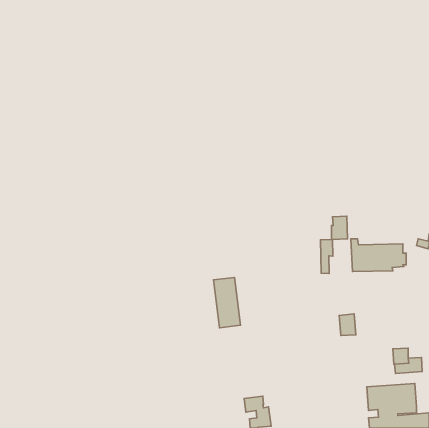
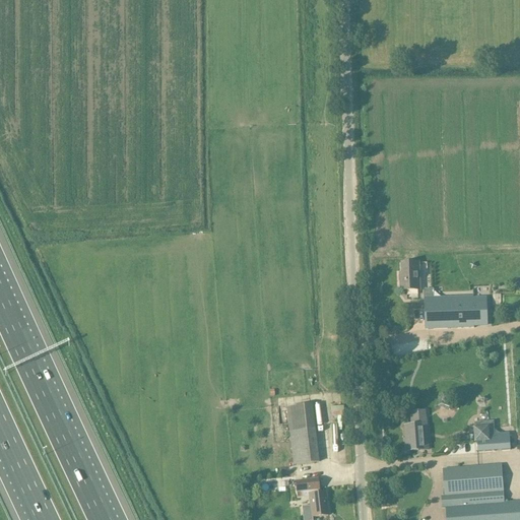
building: [321,240,333,273] -> none
building: [214,277,241,328] -> [286,403,319,464]
building: [339,314,356,336] -> [404,424,425,450]

